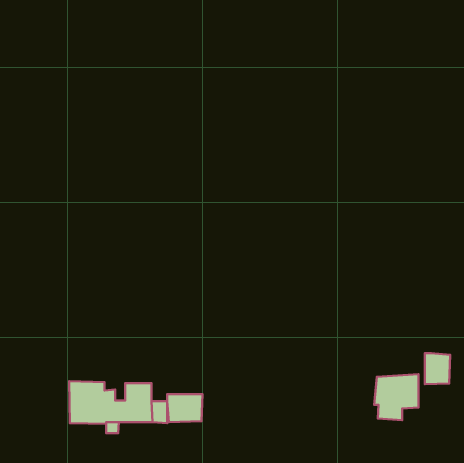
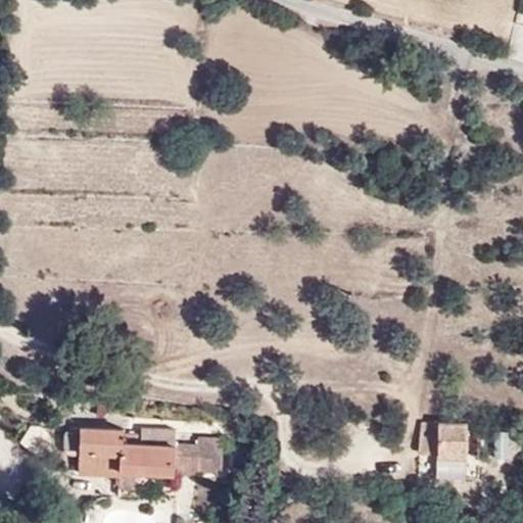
building: [425,353,450,384] -> none

